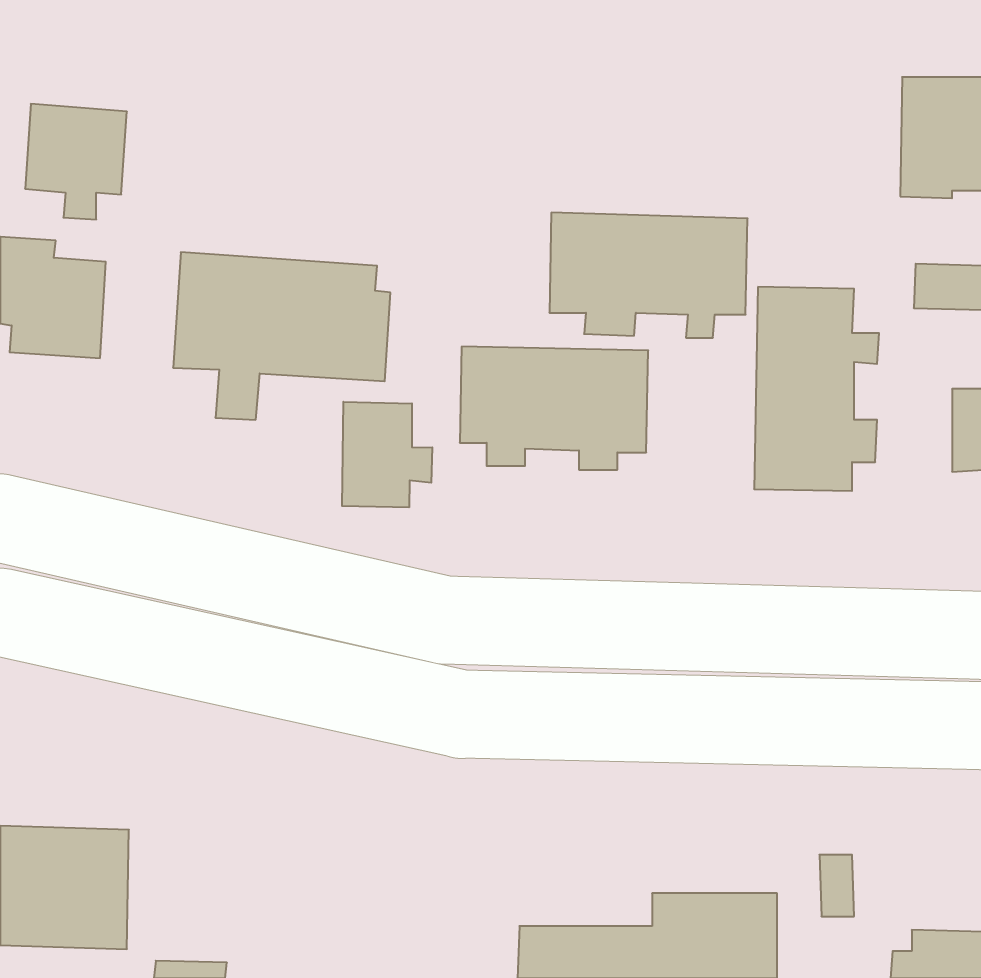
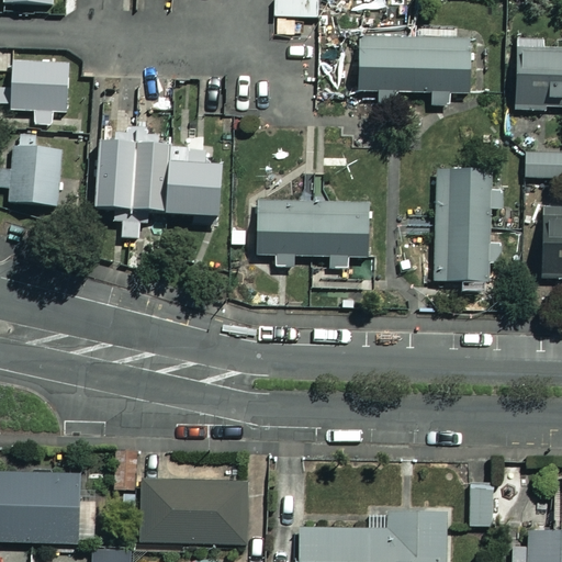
building: [549,213,748,338] -> [359,36,472,108]
building: [342,402,432,507] -> none
building: none -> [134,479,247,542]

